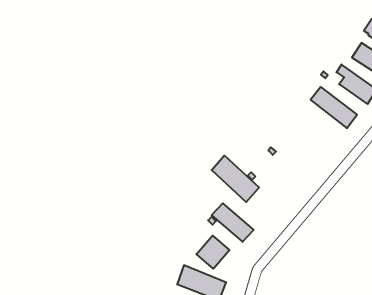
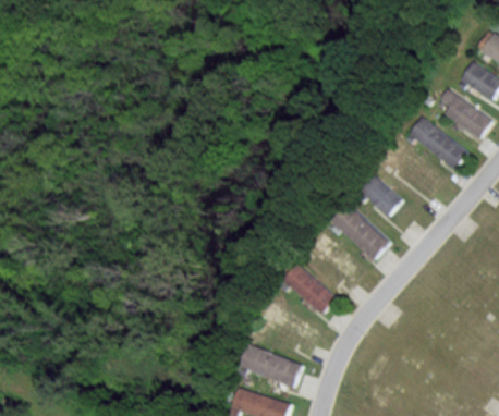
building: none -> [360,174,401,216]
building: [212,156,259,202] -> [330,201,390,260]
building: [196,236,229,269] -> none

